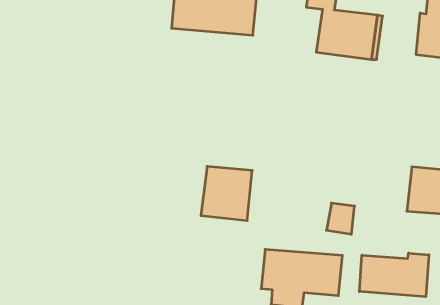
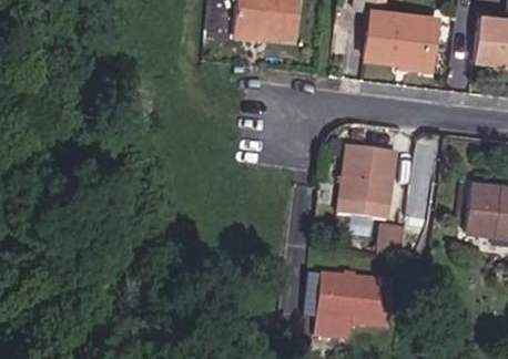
building: [201,166,252,221] -> [339,147,396,207]
building: [359,253,429,297] -> none

